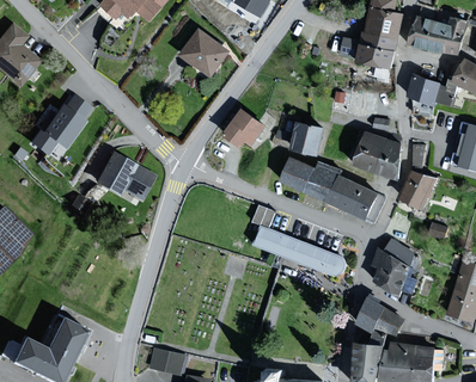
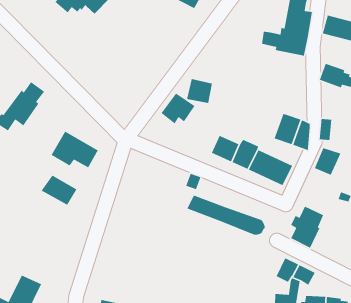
building: [183,32,227,75] -> none
building: [292,123,323,153] -> [186,78,213,104]
building: none -> [40,174,78,206]

